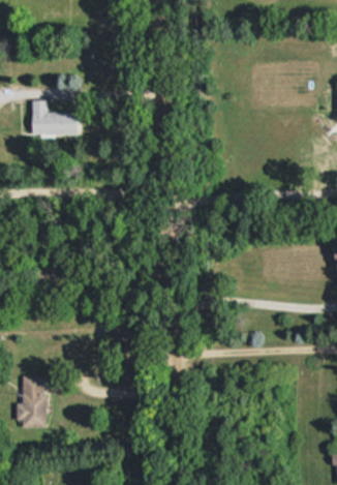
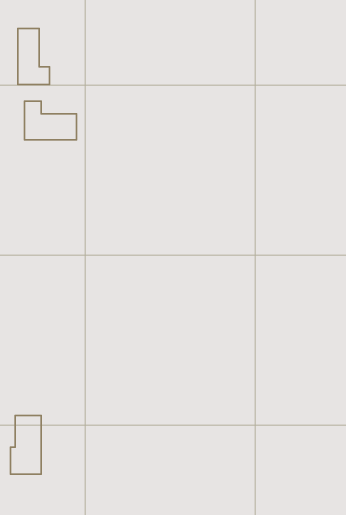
building: none -> [18,28,50,85]

